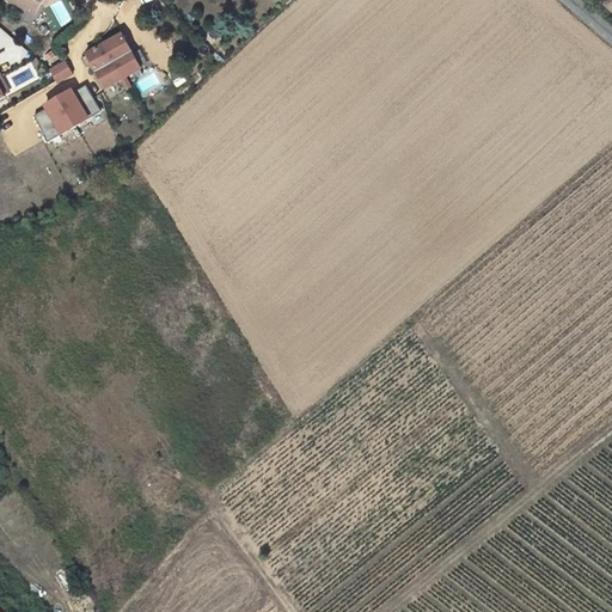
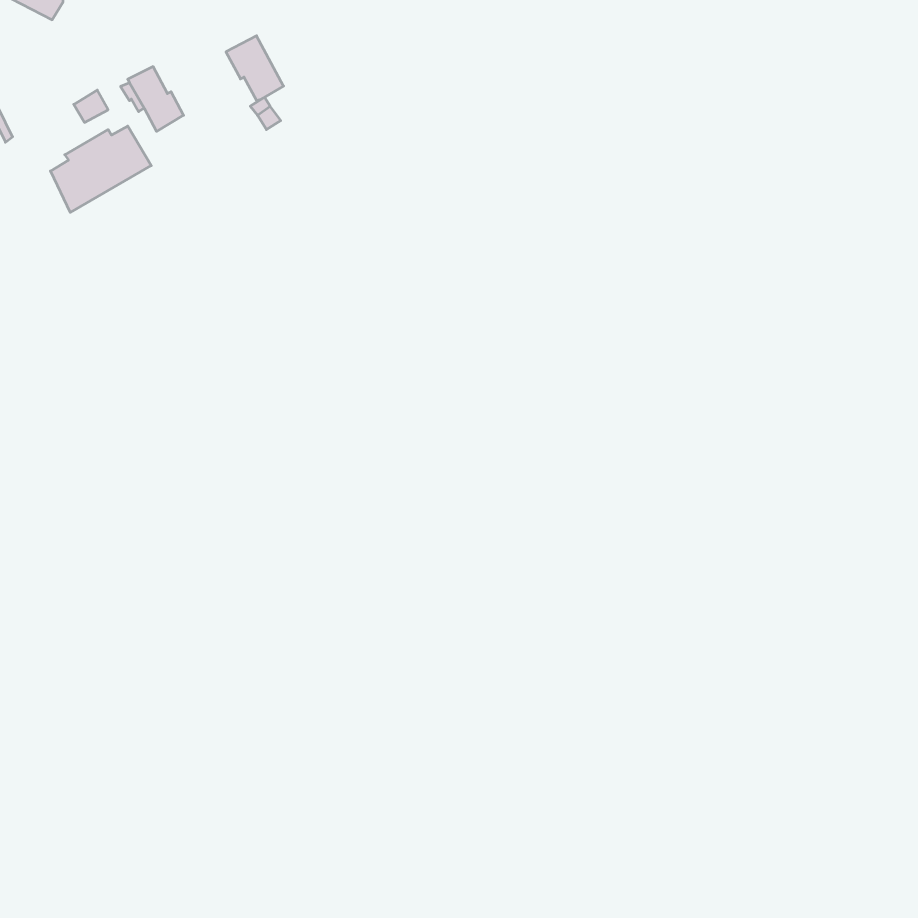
building: [102,33,140,76] -> [226,36,284,101]

